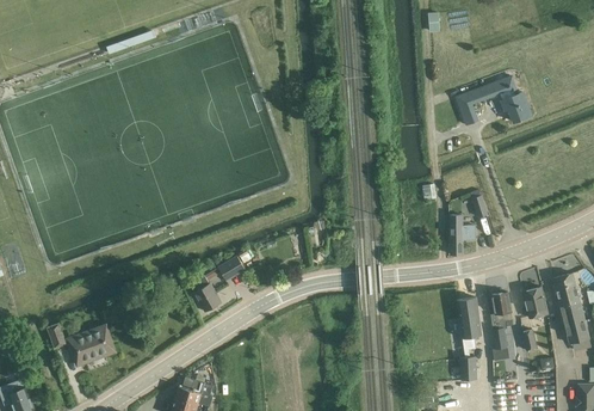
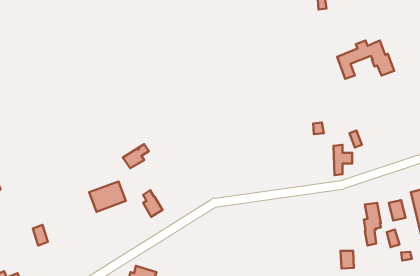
building: [217,250,252,282] -> [123,144,149,168]
building: [457,297,481,338] -> none
building: [67,325,116,366] -> [89,181,126,212]

